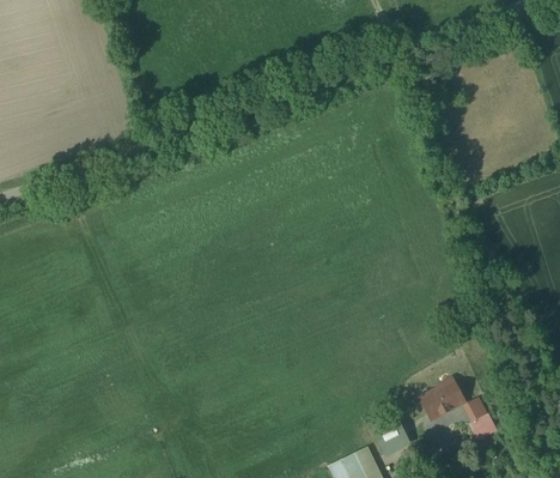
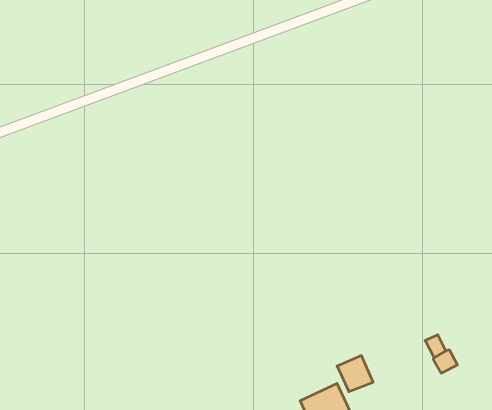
building: [420,377,464,418] -> none

